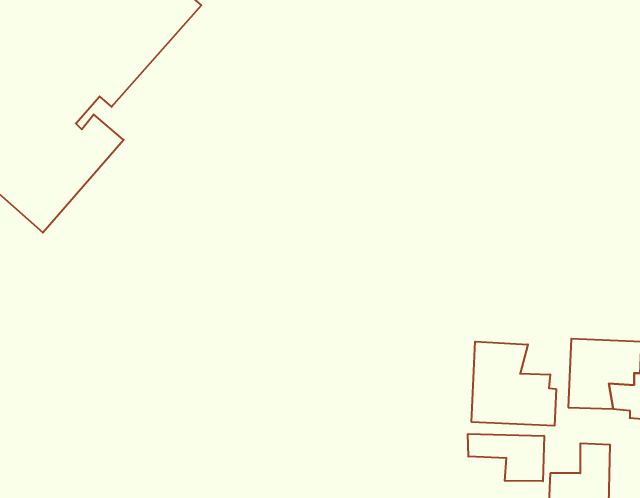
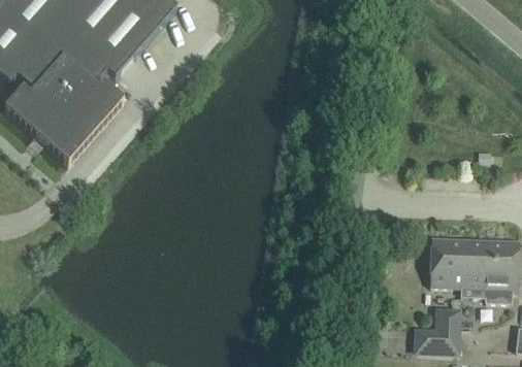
building: [472,342,556,426] -> none
building: [468,434,544,481] -> none

